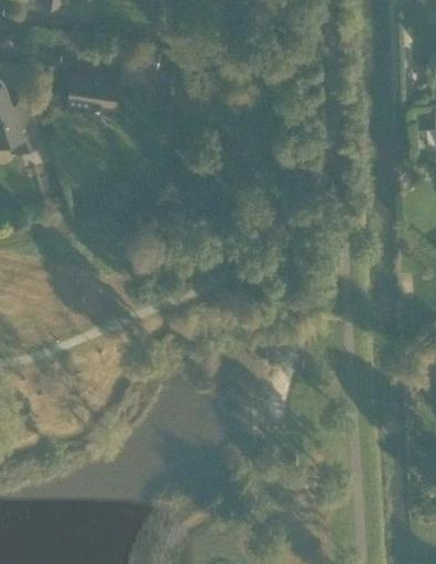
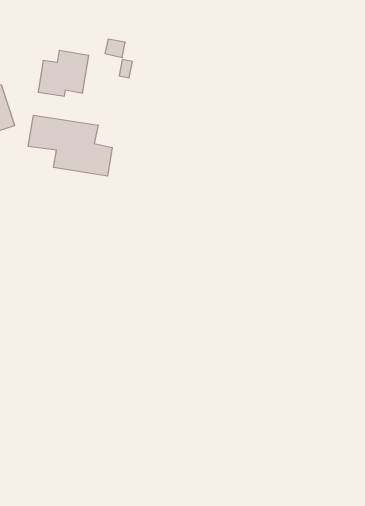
building: none -> [28,115,112,176]

